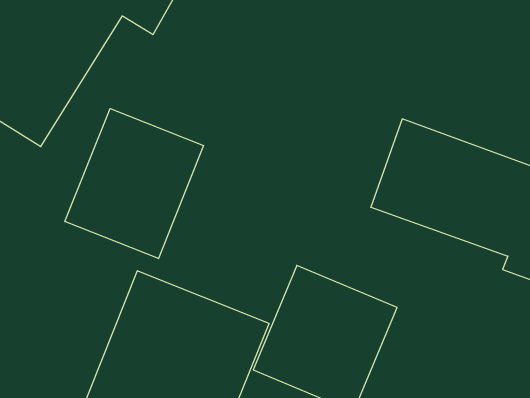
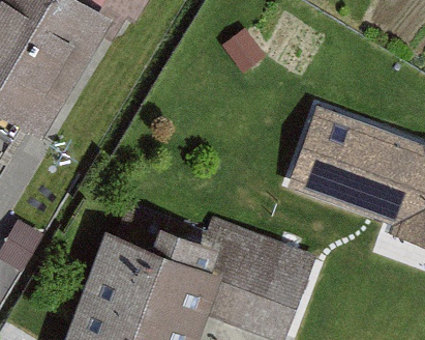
building: [65,109,204,259] -> none

